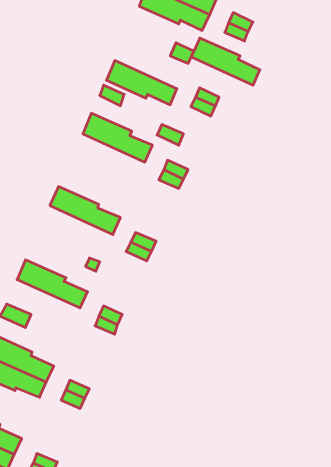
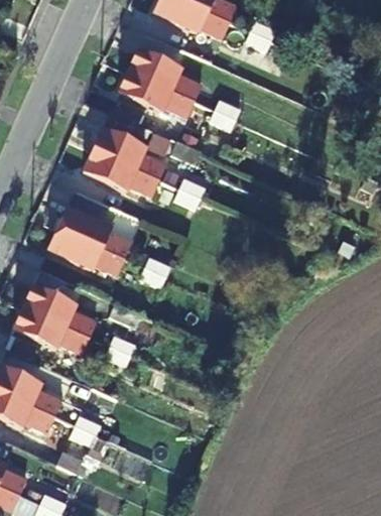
building: [191,38,260,85] -> [127,52,201,103]
building: none -> [84,151,159,197]
building: none -> [48,228,125,275]
building: none -> [13,307,90,355]

